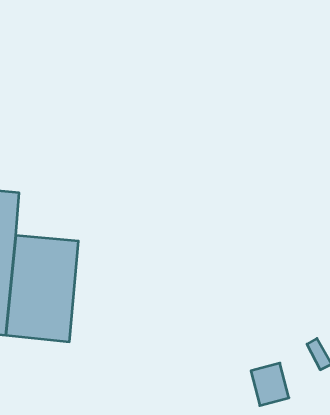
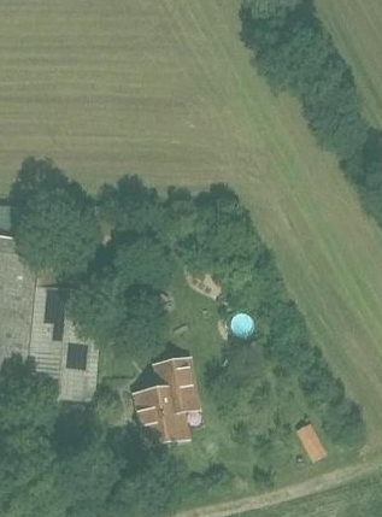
building: none -> [134,358,194,443]

